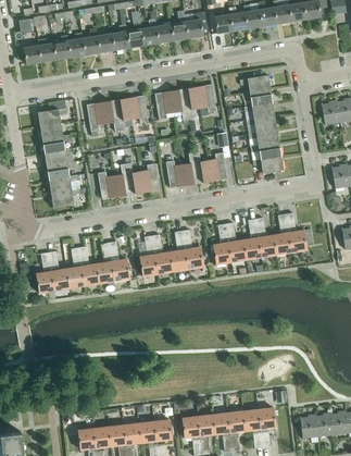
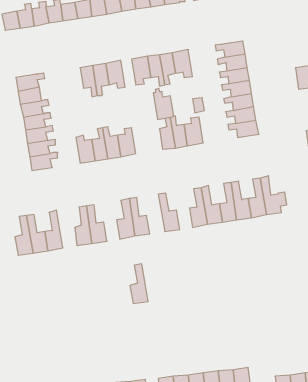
building: [86,102,105,137] -> none
building: [165,157,186,188] -> [153,89,174,120]
building: [170,231,188,271] -> [130,264,148,304]
building: [78,246,99,285] -> none

